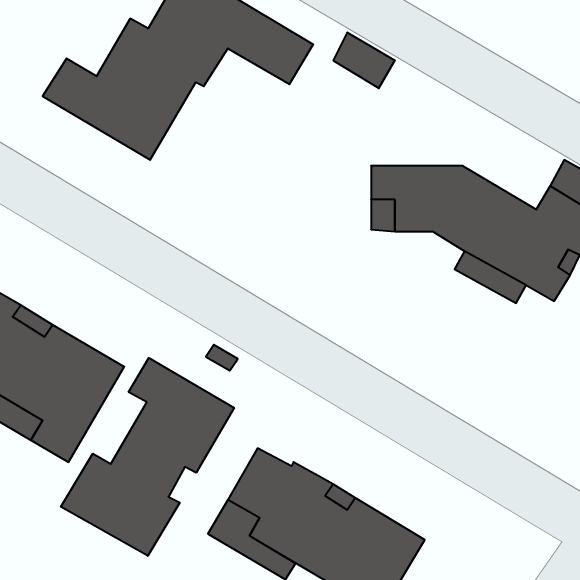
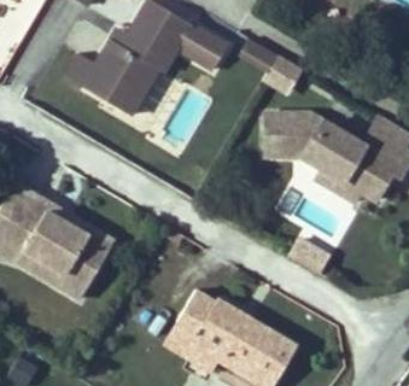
building: [61,358,234,556] -> none

